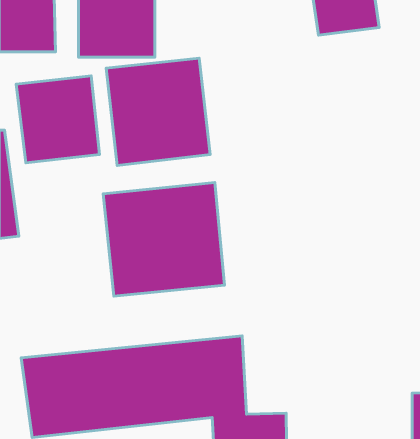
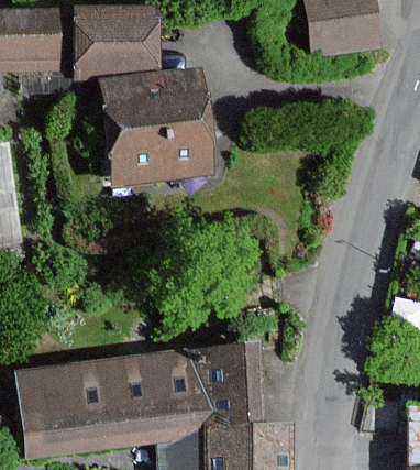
building: [16,76,100,163] -> none
building: [103,183,225,296] -> none

